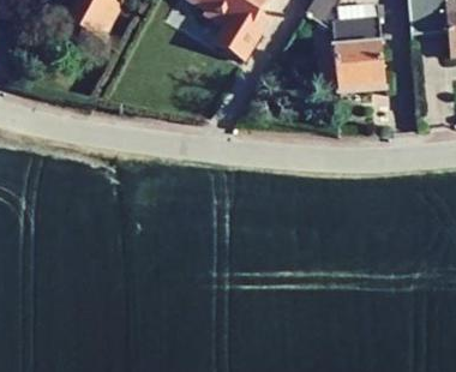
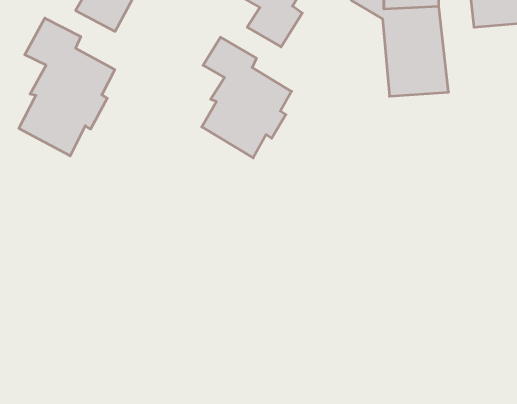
building: none -> [19,18,115,156]
building: none -> [202,37,292,158]

